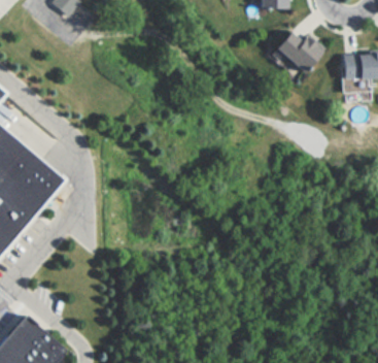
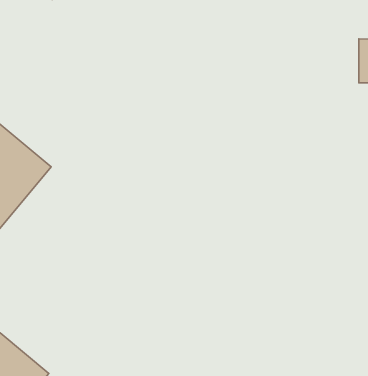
building: [271,31,318,76] -> none

